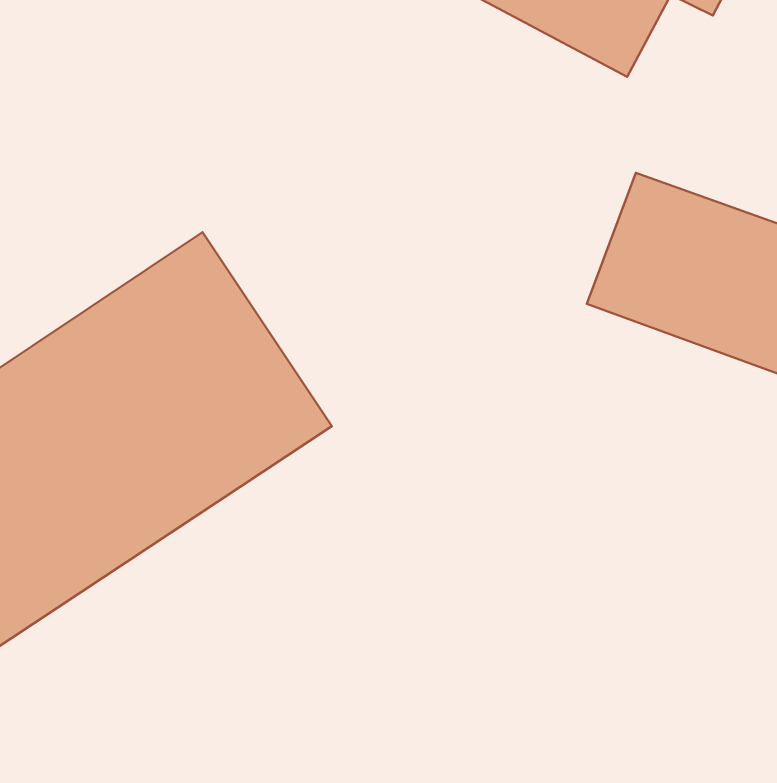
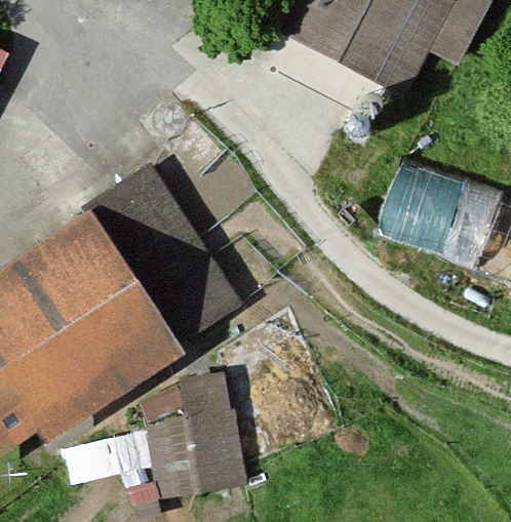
building: none -> [68,371,249,500]

